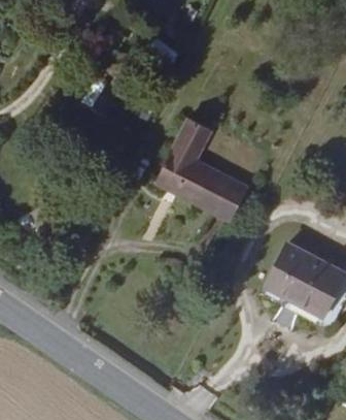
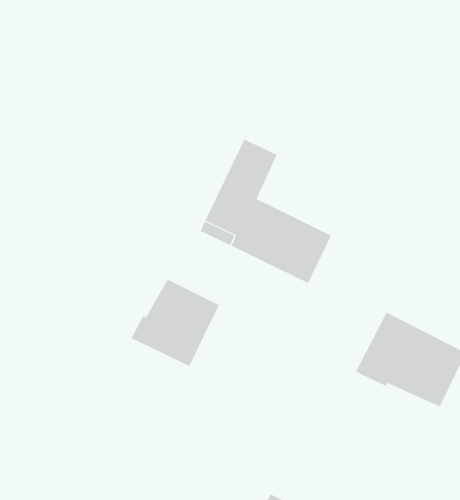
building: none -> [131,279,220,367]

